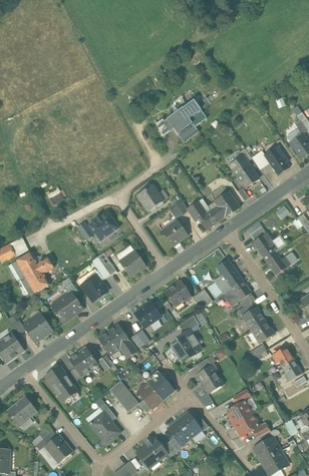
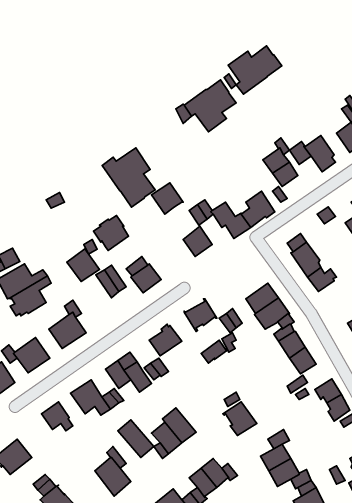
building: none -> [228,46,282,94]
building: none -> [102,148,155,207]
building: [80,275,107,302] -> [67,249,99,281]
building: [172,330,201,359] -> none

